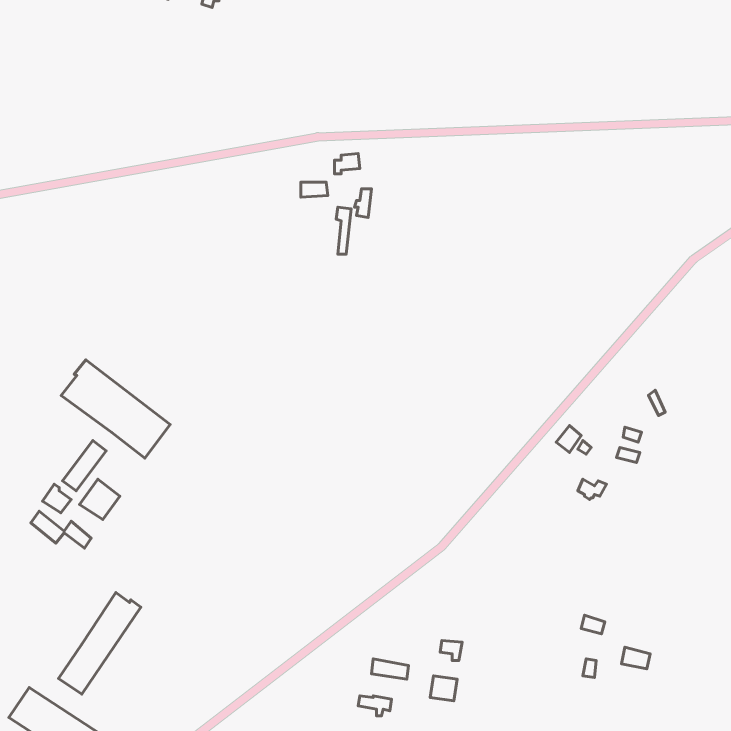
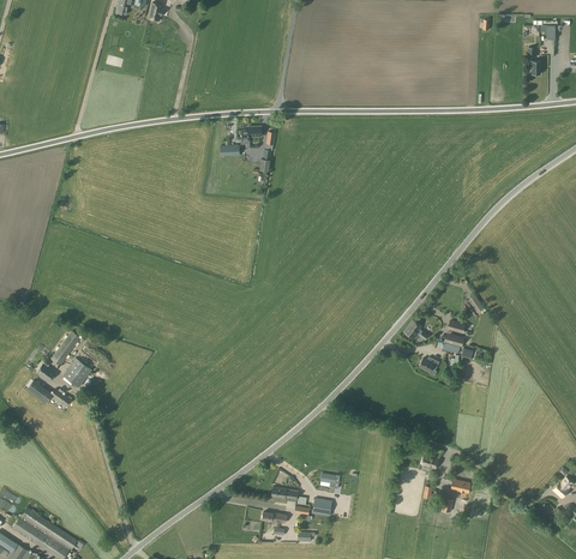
building: [61,360,170,458] -> none
building: [58,592,141,694] -> none

